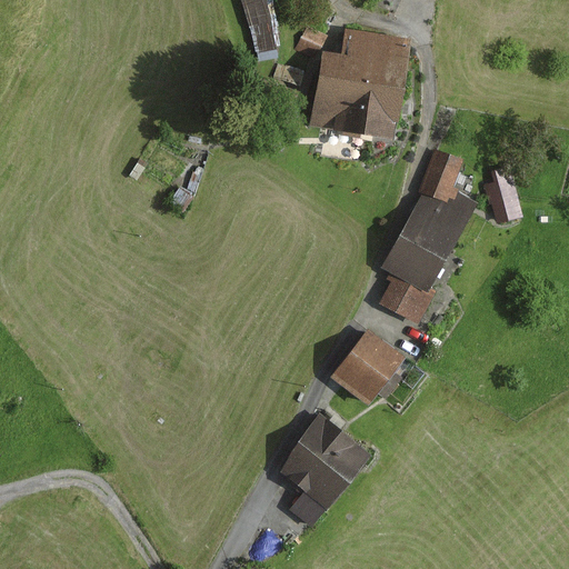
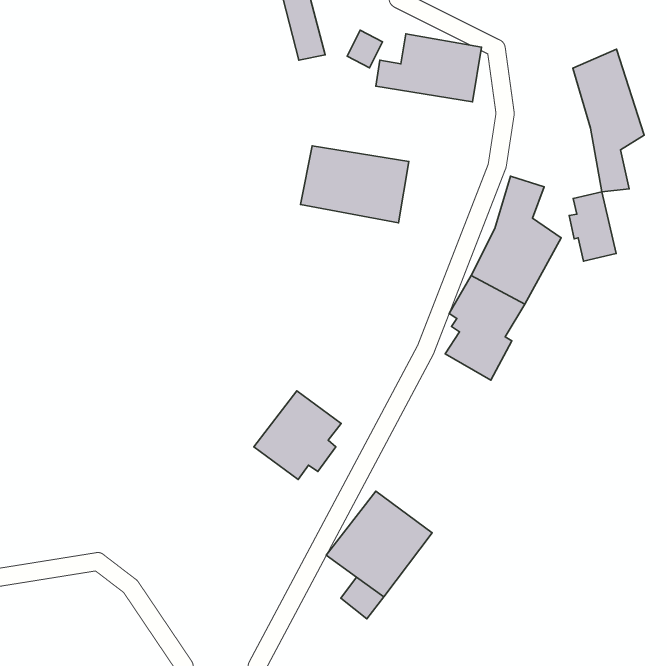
building: none -> [573,49,644,192]
building: [310,73,402,139] -> [301,146,409,223]
building: [331,329,406,405] -> [254,391,341,480]

